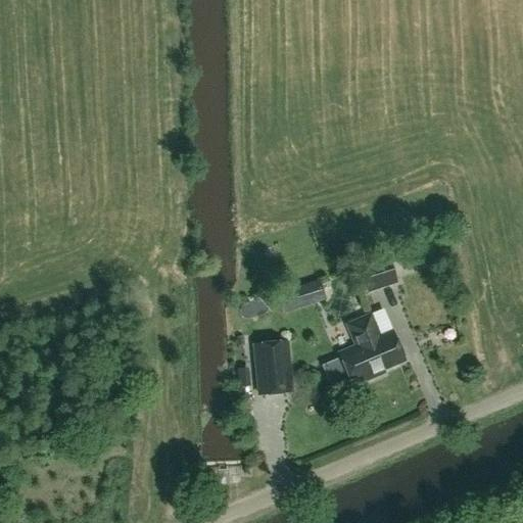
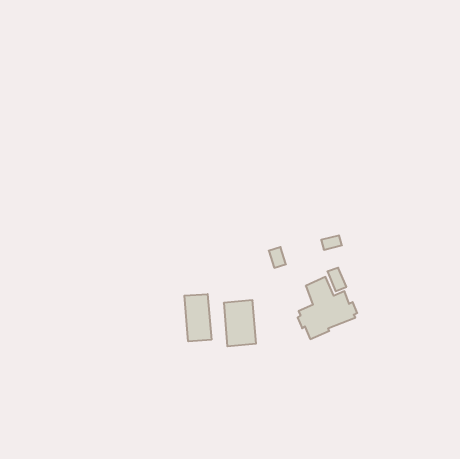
building: none -> [184,294,211,341]

